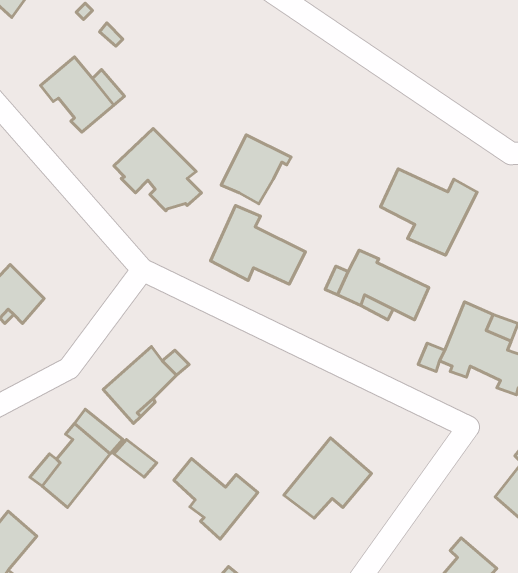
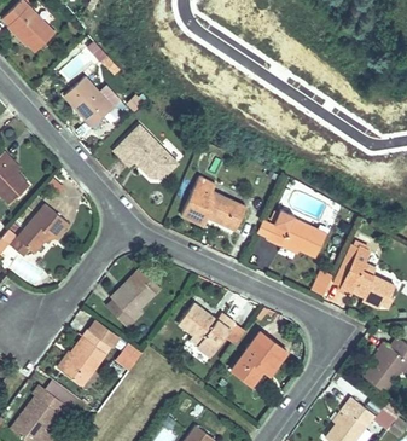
building: [221,135,291,204] -> none
building: [381,169,477,255] -> none
building: [174,459,258,539] -> [180,302,237,356]

